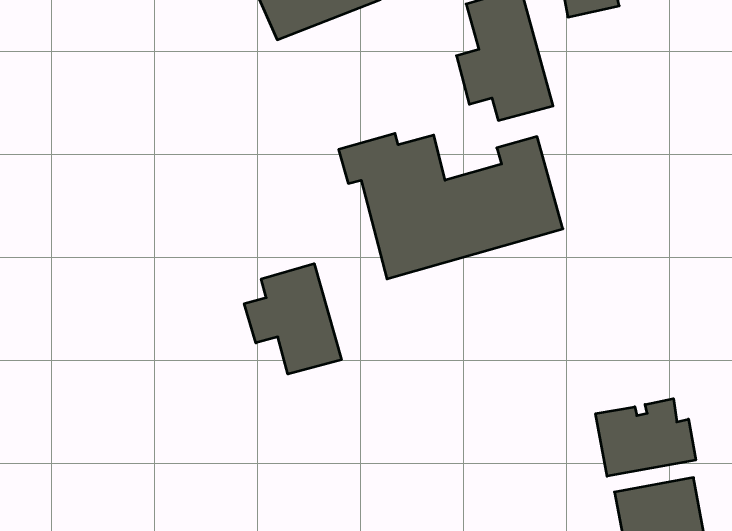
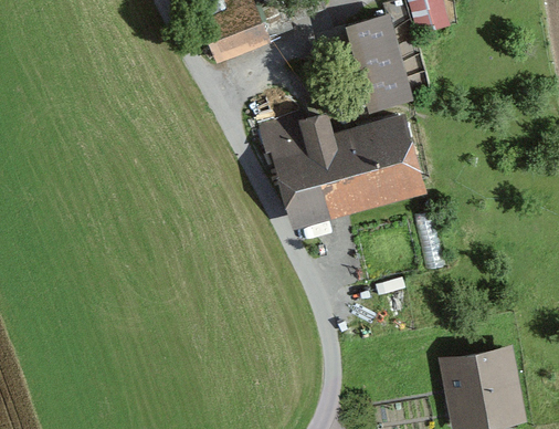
building: [244,264,341,374] -> none
building: [596,399,696,476] -> none

